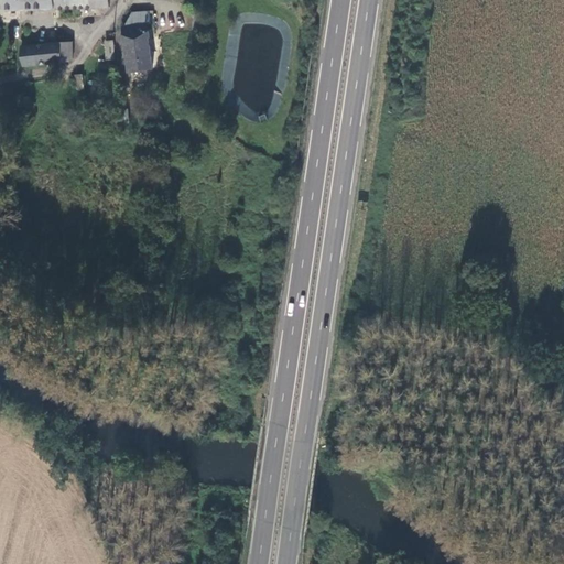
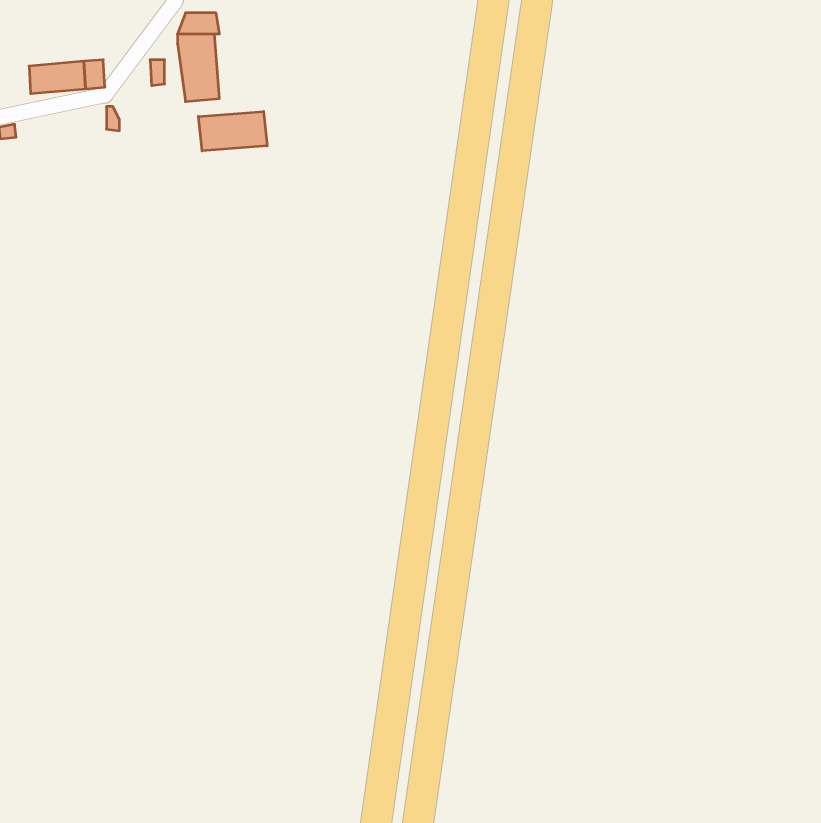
building: none -> [198,111,267,151]

